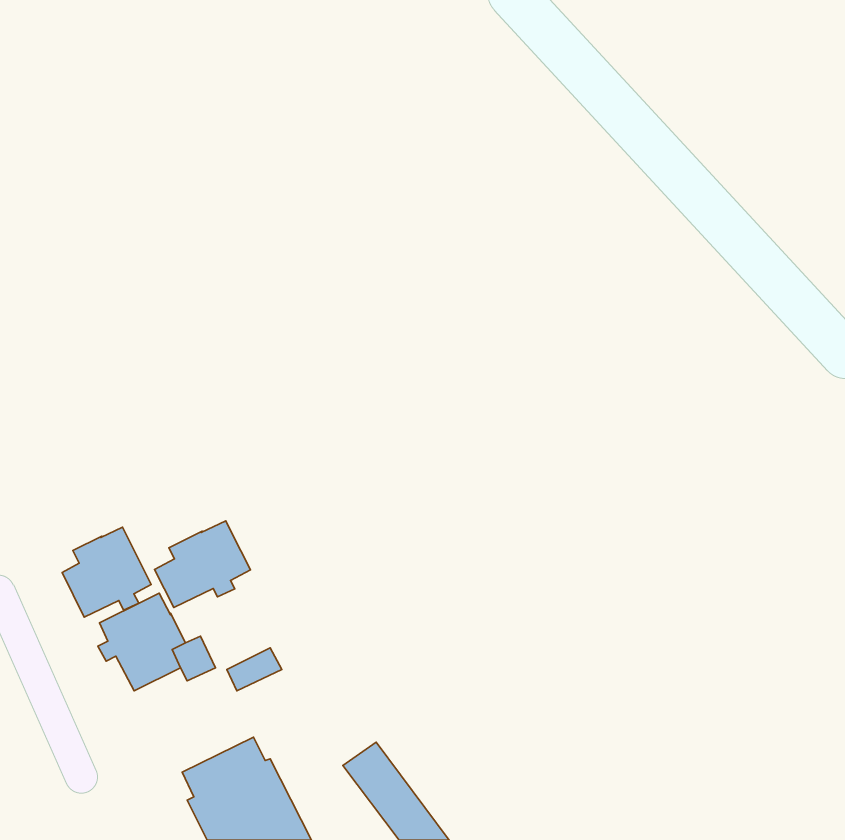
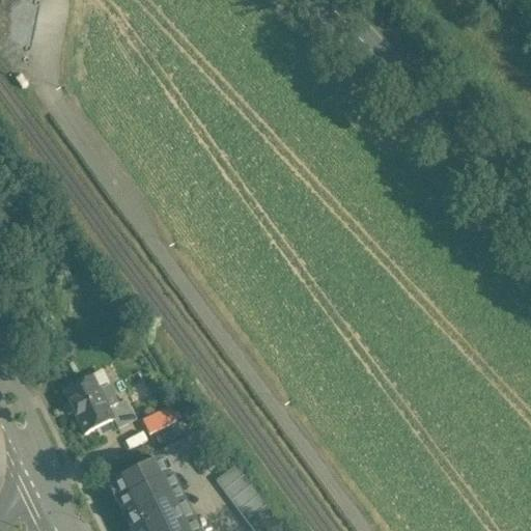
building: [155,521,250,608] -> none
building: [62,527,151,617] -> none

